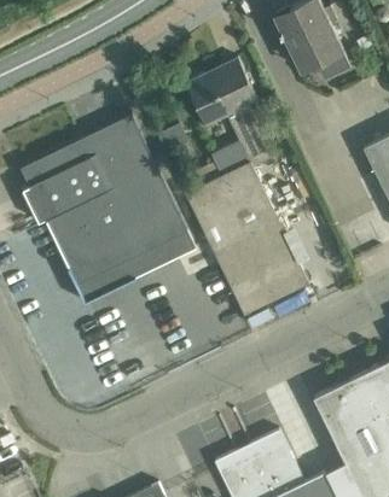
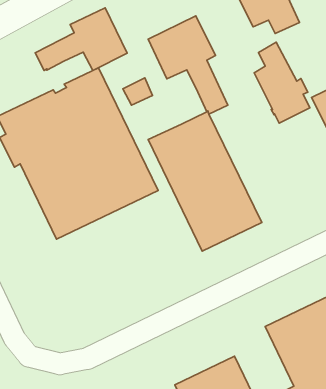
building: none -> [35,8,127,71]
building: none -> [254,42,310,123]
building: [211,142,249,177] -> none

